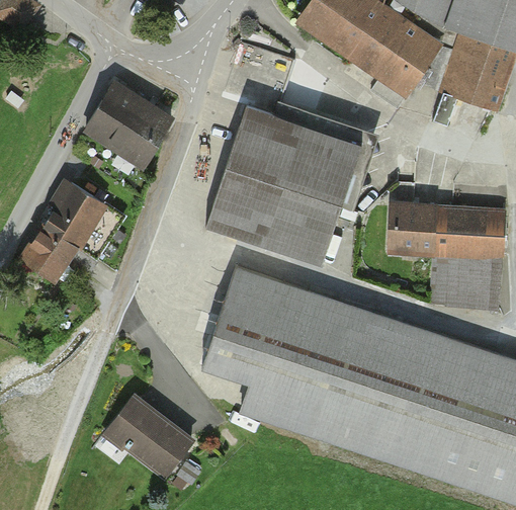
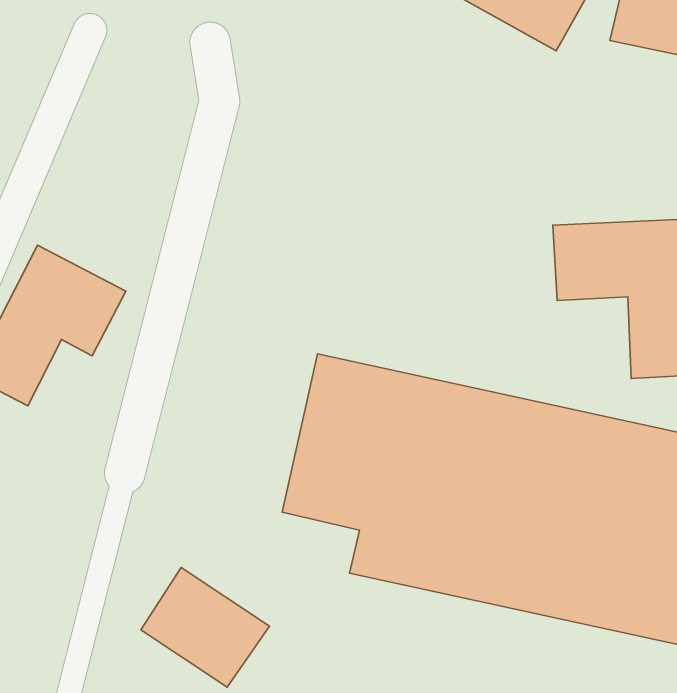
building: [86,82,172,168] -> none
building: [209,107,359,258] -> none

